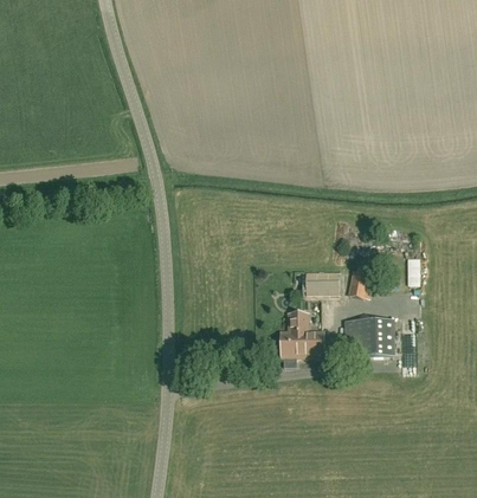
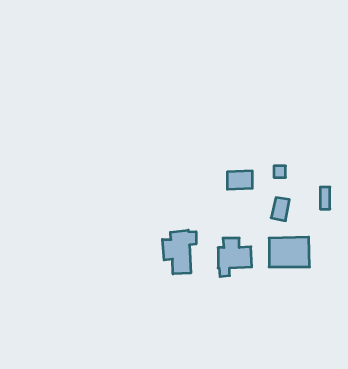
building: [307,272,337,295] -> [227,171,252,189]
building: none -> [162,230,196,274]

